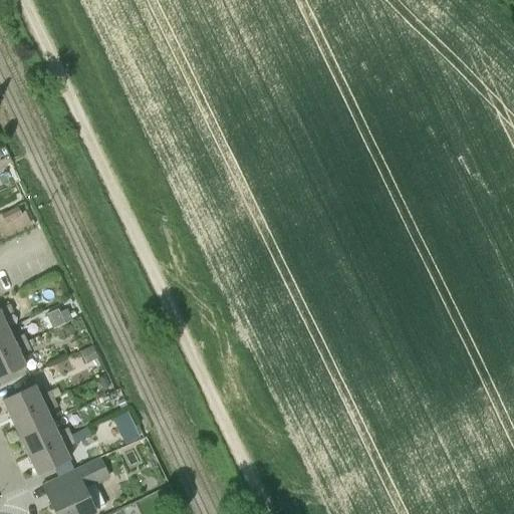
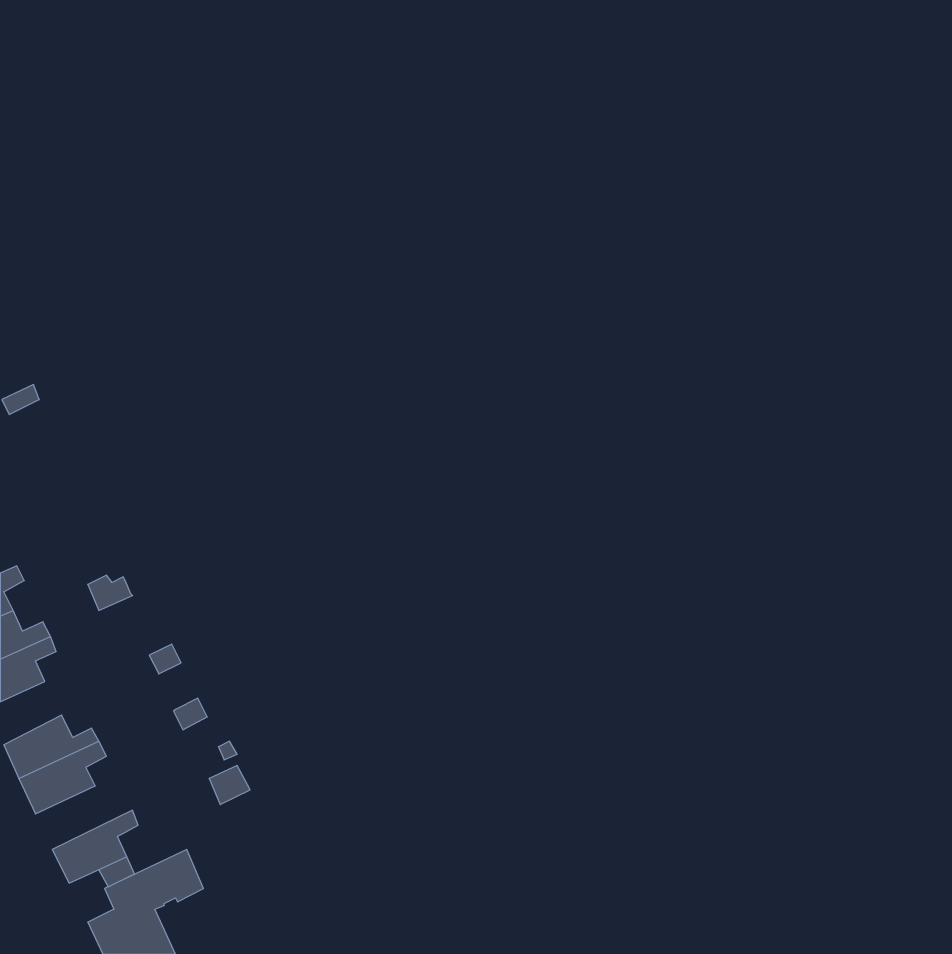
building: [20,423,72,457] -> none

